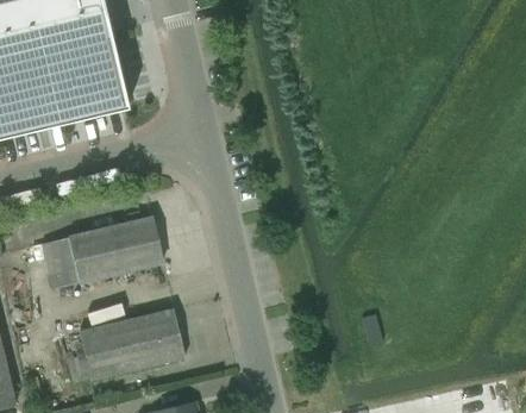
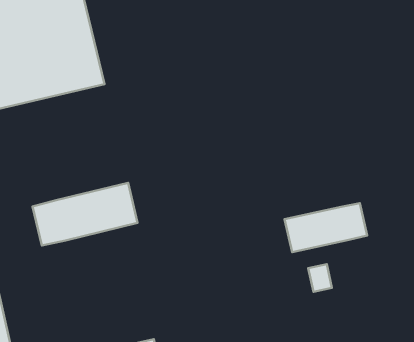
building: none -> [285,203,367,252]
building: [63,308,184,382] -> none

